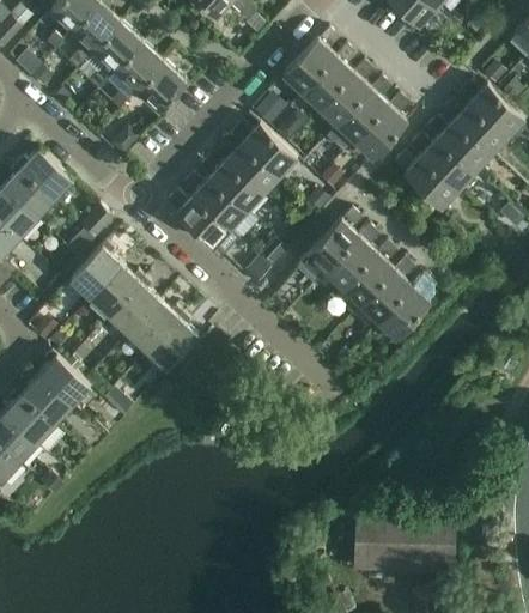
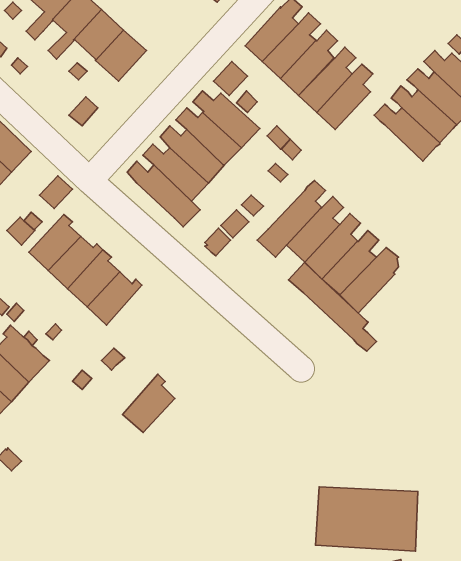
building: [394,153,457,210] -> none
building: none -> [289,263,376,351]
building: [146,314,197,371] -> [123,374,175,433]

